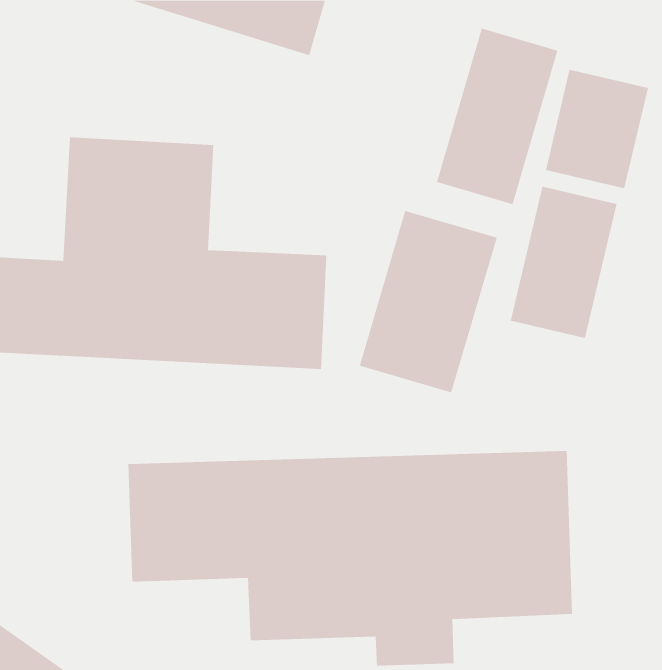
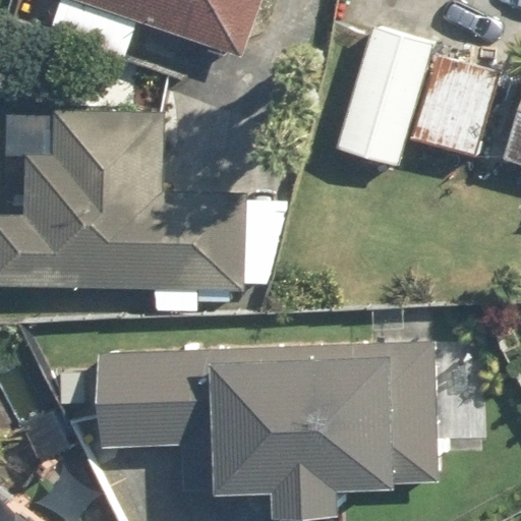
building: [510,186,617,339] -> none
building: [359,210,497,393] -> none

